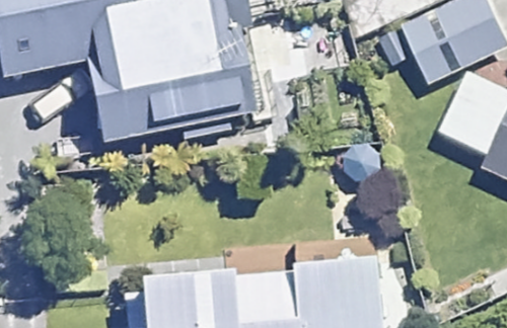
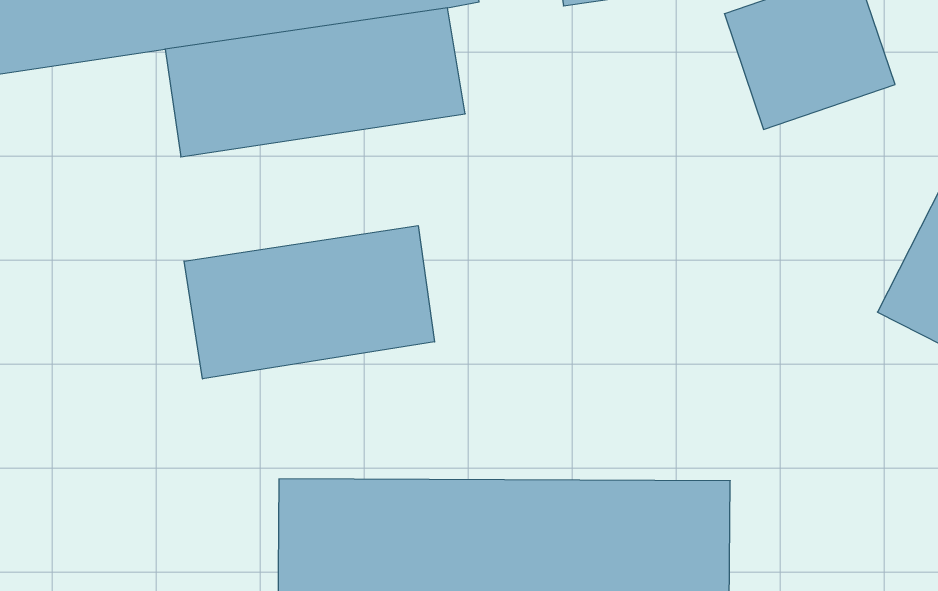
building: none -> [184,226,435,379]

